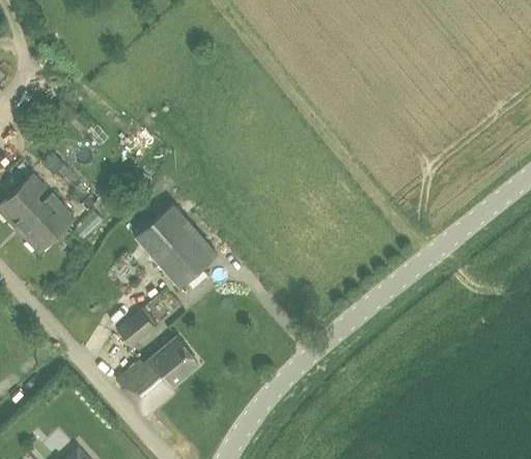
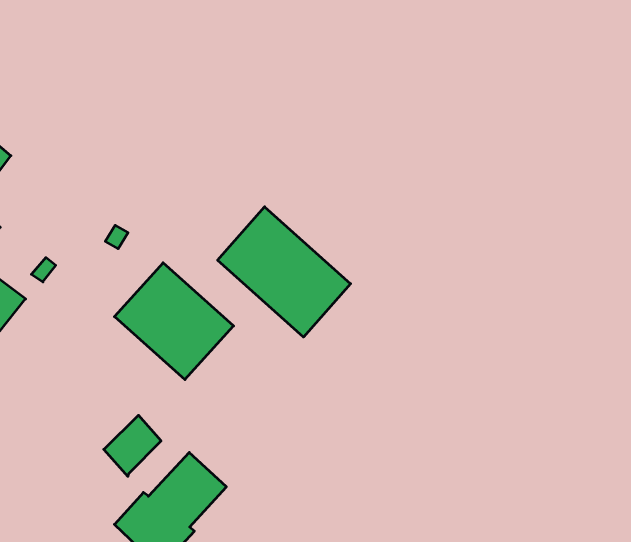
building: none -> [218,207,351,337]

